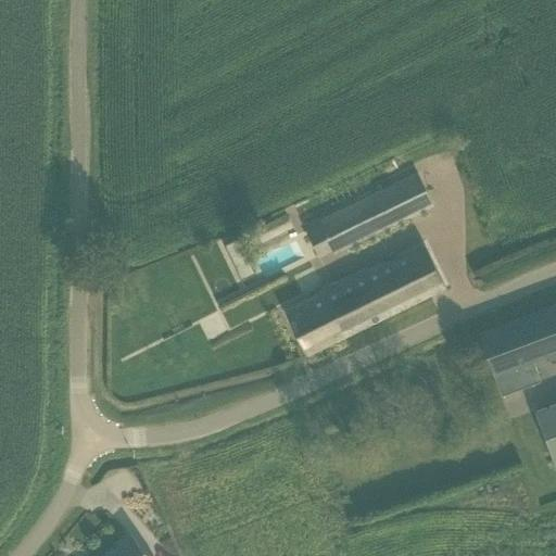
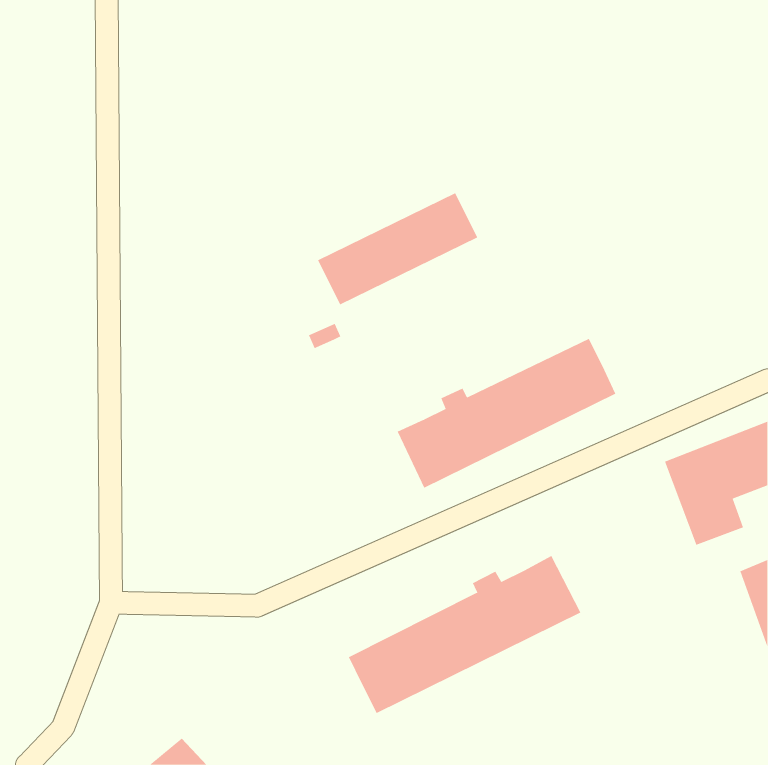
building: [318,170,434,252] -> [317,193,478,305]
building: none -> [348,555,581,714]

